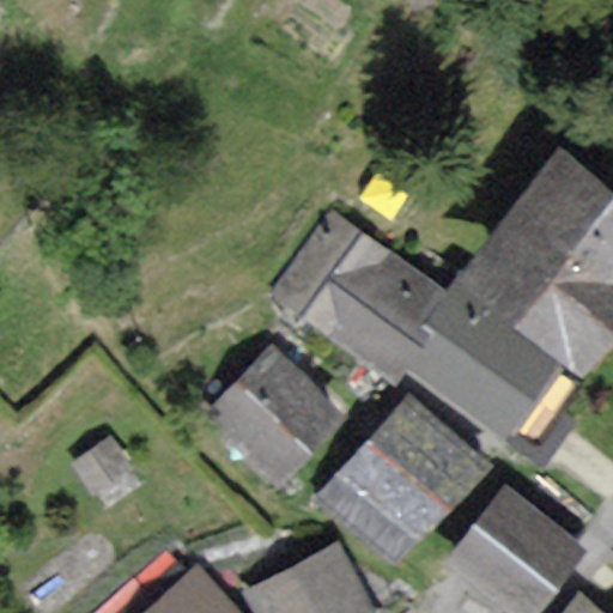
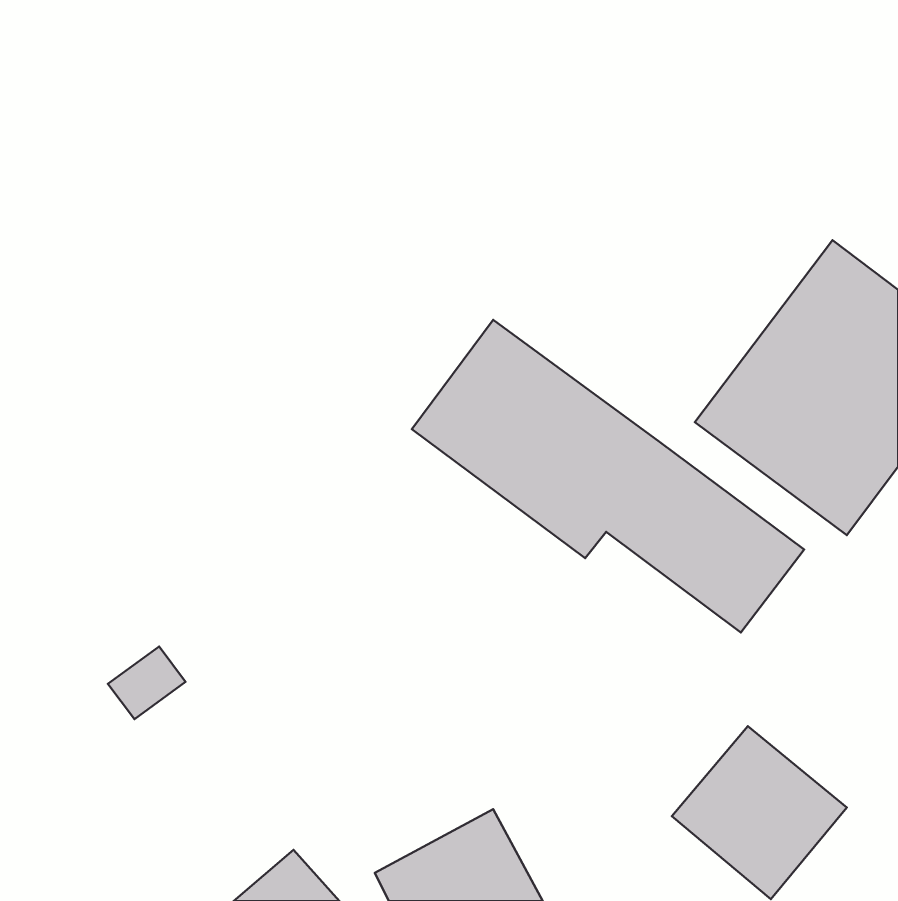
building: [210,353,338,481] -> none
building: [332,405,478,553] -> none

